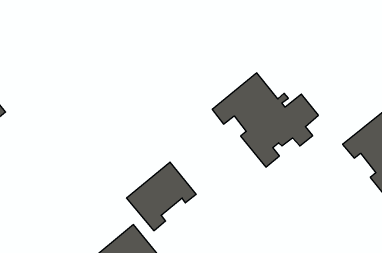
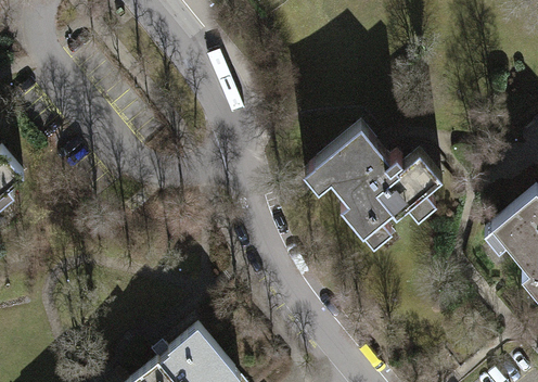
building: [127,162,196,231] -> none

